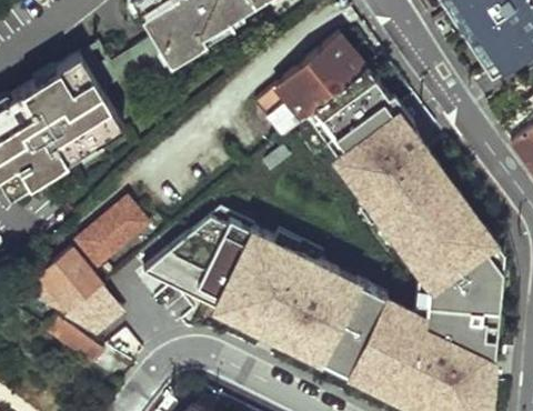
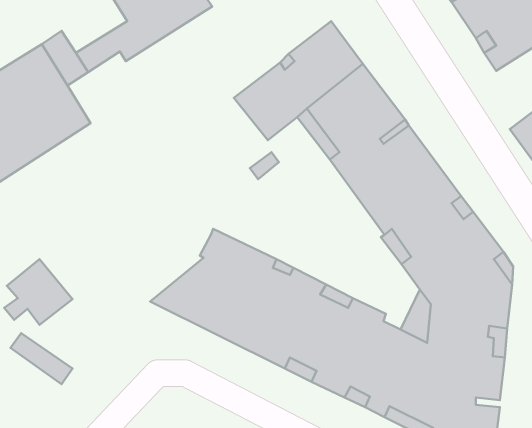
building: [77,207,151,271] -> none
building: [145,221,230,291] -> none
building: [66,288,125,339] -> none

